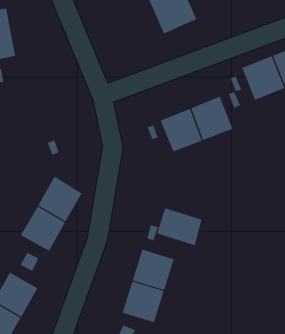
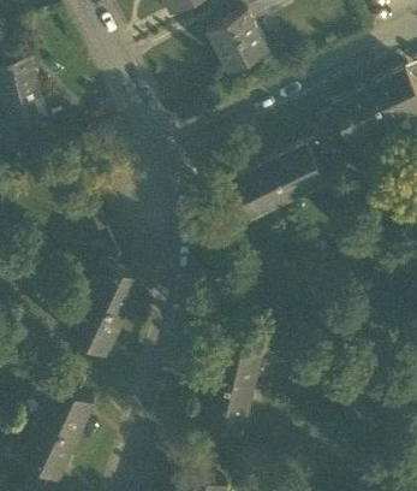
building: [157,208,202,246] -> none

